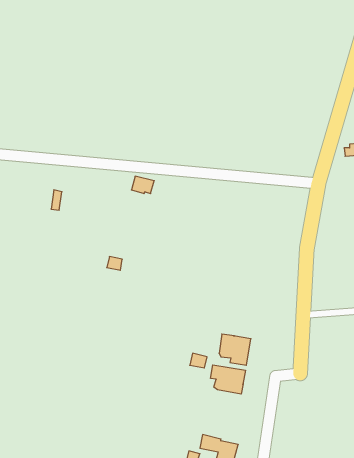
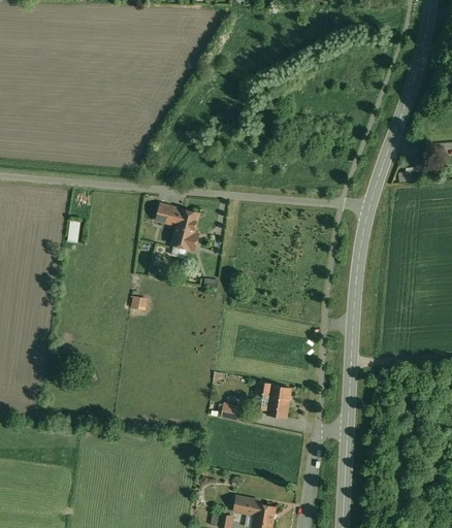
building: none -> [173,209,199,250]
building: [211,365,245,394] -> none

